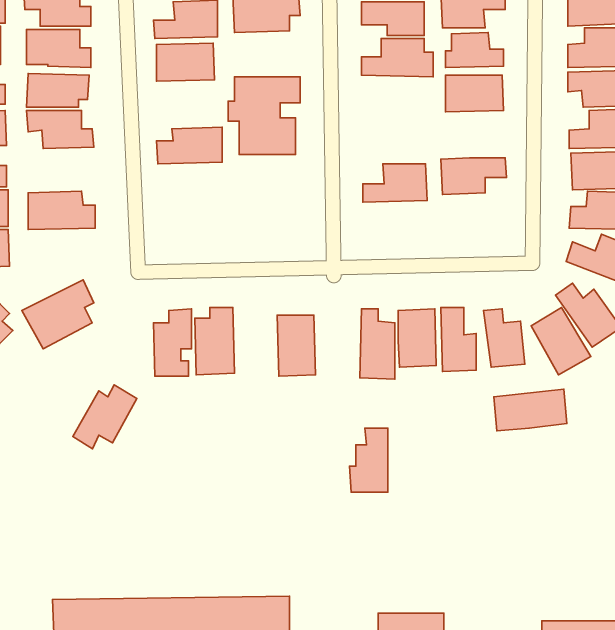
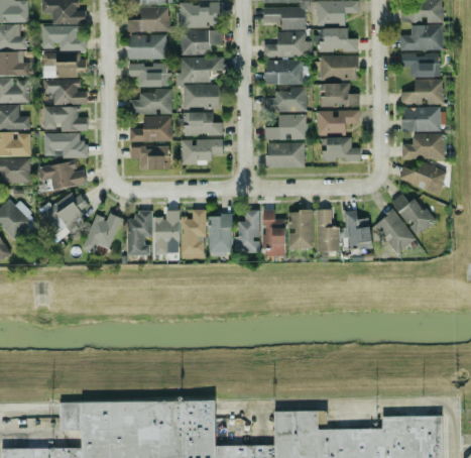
building: none -> [180,30,222,55]
building: none -> [264,61,303,86]
building: none -> [128,64,169,87]
building: none -> [319,84,358,107]
building: none -> [264,89,307,112]
building: none -> [42,107,87,131]
building: none -> [184,112,222,136]
building: none -> [129,116,171,142]
building: none -> [322,138,360,161]
building: none -> [181,139,223,164]
building: none -> [266,143,305,167]
building: none -> [129,147,168,170]
building: none -> [38,161,85,190]
building: none -> [181,210,206,259]
building: [73,385,137,449] -> [81,211,123,253]
building: [494,389,567,431] -> none
building: [350,428,388,492] -> [234,211,259,253]

